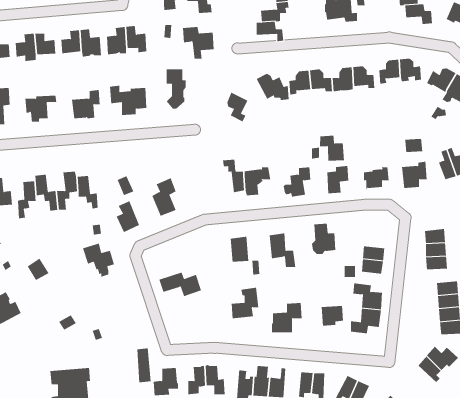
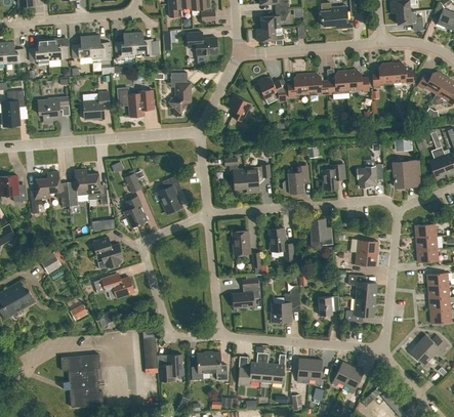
building: [320,135,345,161] -> none
building: [158,272,202,297] -> [93,274,134,297]

